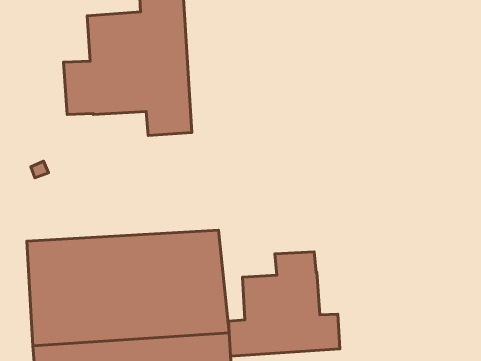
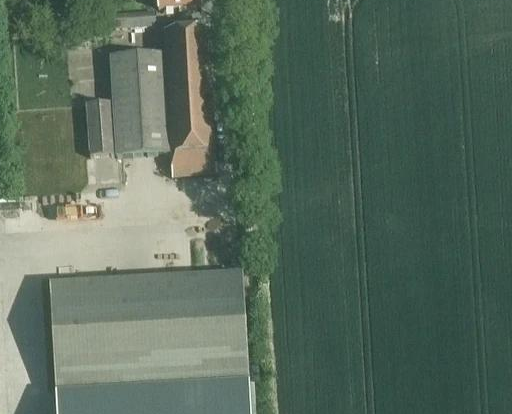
building: [229,252,340,356] -> none

